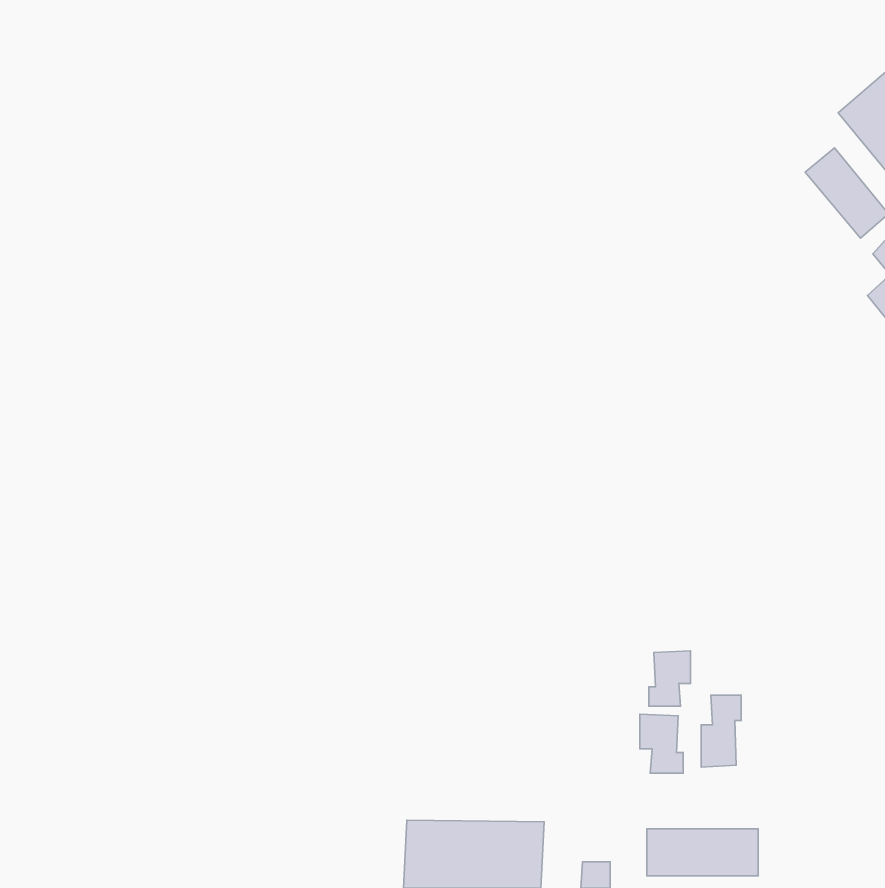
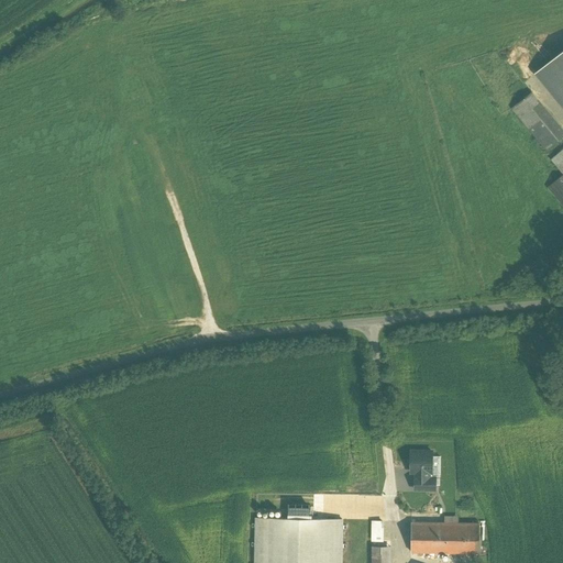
building: [649,651,690,706] -> none
building: [701,695,741,767] -> none

